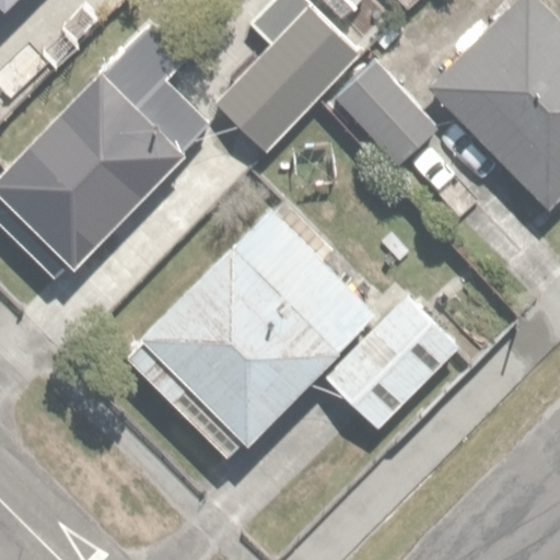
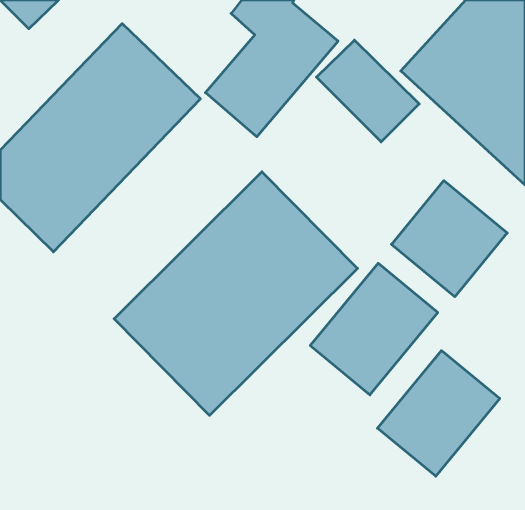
building: none -> [391,181,507,297]
building: none -> [377,351,500,476]

